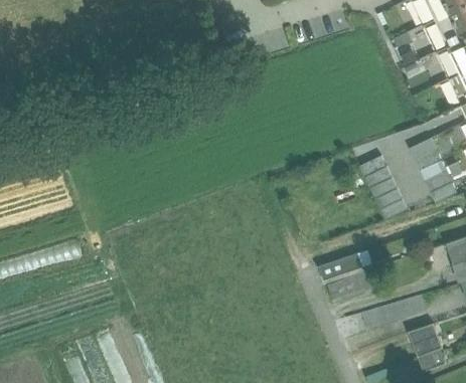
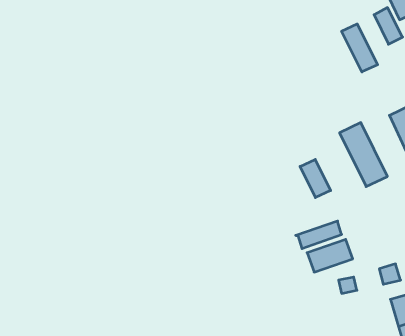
building: none -> [342,24,378,72]
building: none -> [300,159,331,198]

